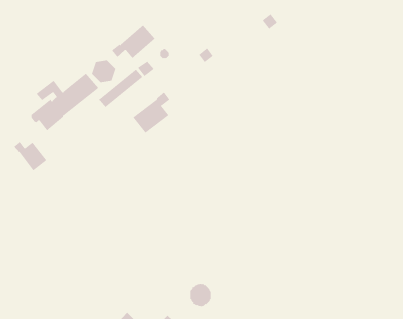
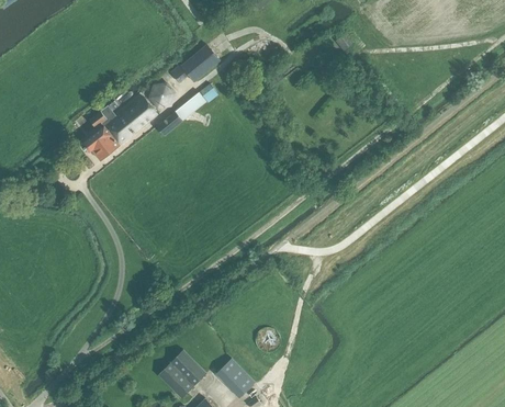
building: [132,92,170,134] -> none
building: [13,141,47,171] -> none

